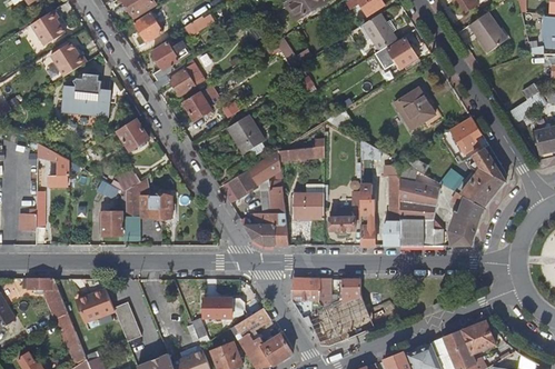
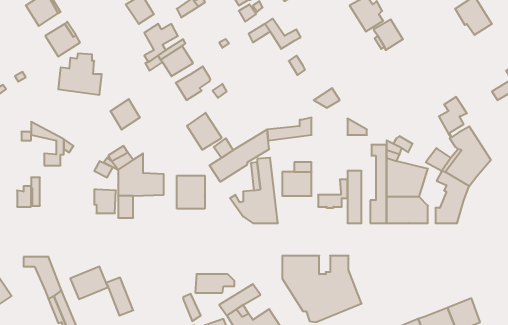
building: [393,86,433,128] -> none
building: [228,113,264,151] -> [187,113,222,150]
building: none -> [177,176,205,209]

